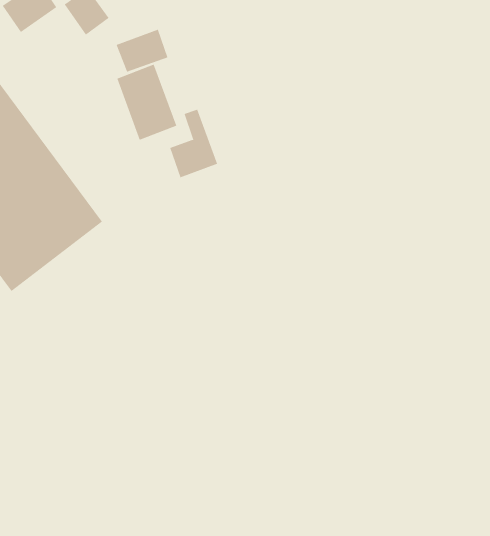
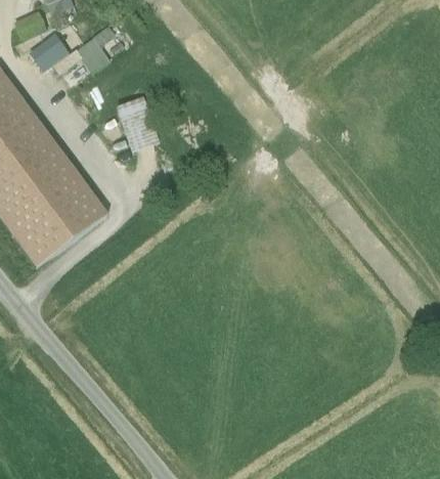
building: [116,29,168,72] -> none
building: [169,109,218,178] -> none

